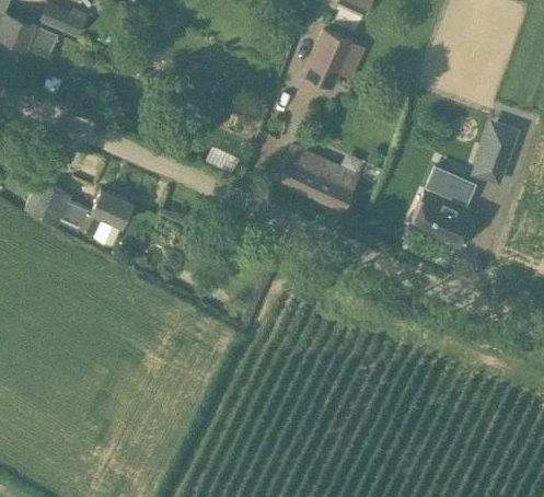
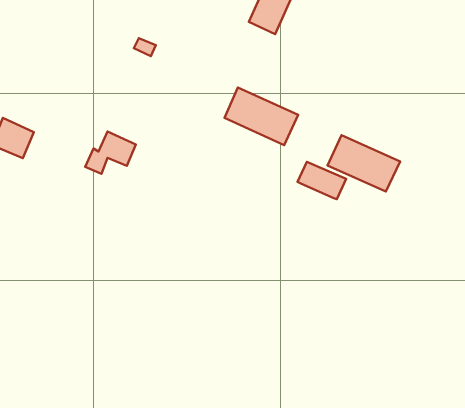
building: [473,118,523,185] -> none
building: [425,165,477,206] -> [298,162,346,199]
building: [78,189,132,235] -> [85,131,136,174]

